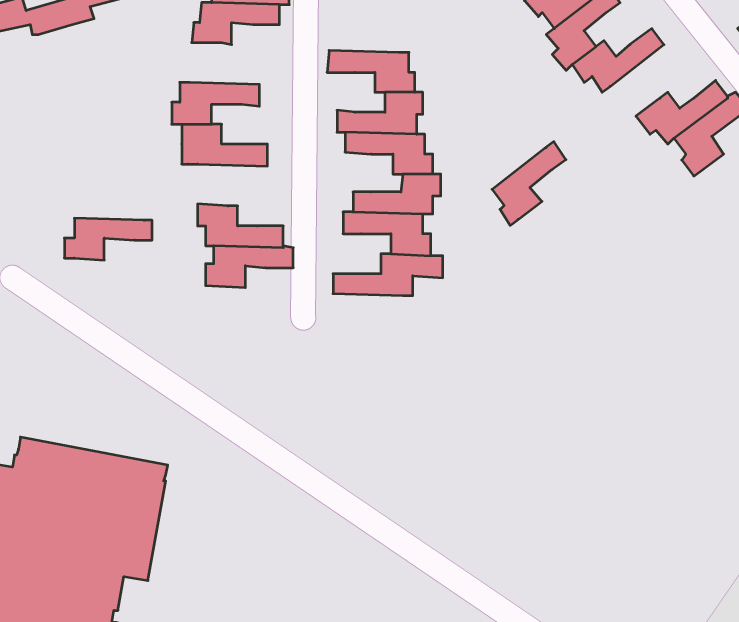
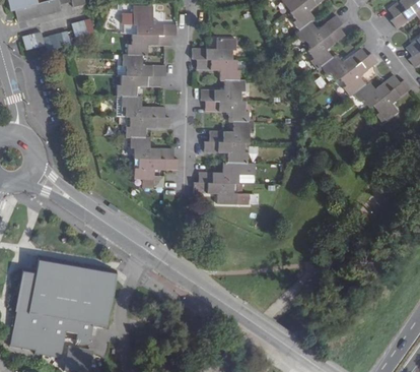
building: none -> [192,39,236,60]
building: none -> [122,55,166,76]
building: [492,142,566,225] -> [340,53,377,96]
building: [64,218,152,260] -> [125,117,169,138]
building: none -> [194,182,238,204]

